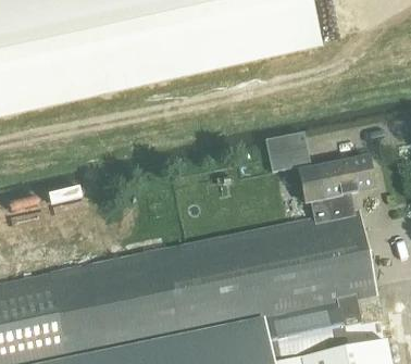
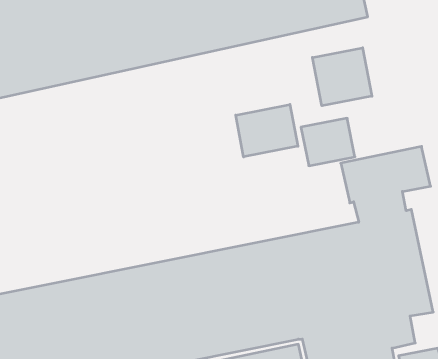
building: none -> [312,48,372,106]
building: none -> [236,104,298,157]

